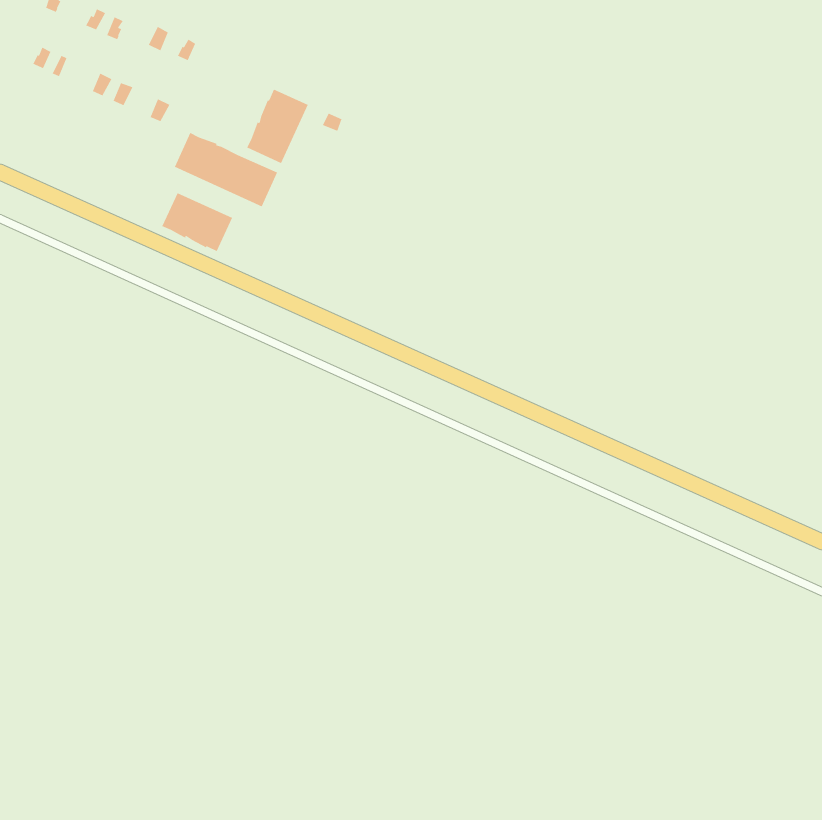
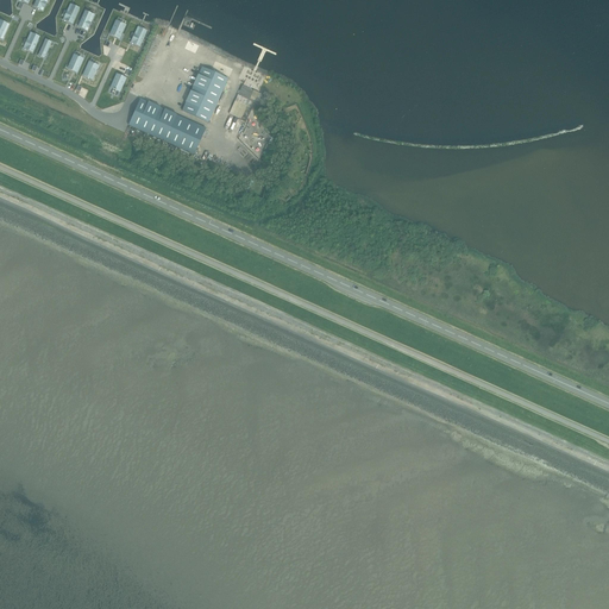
building: [161,192,233,252] -> none

